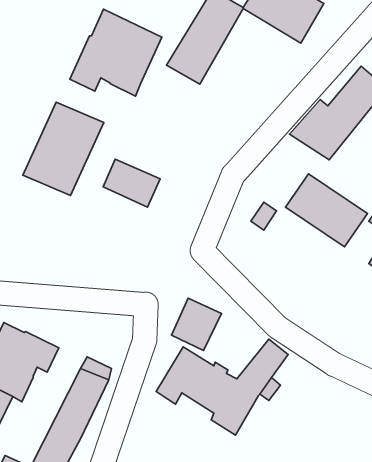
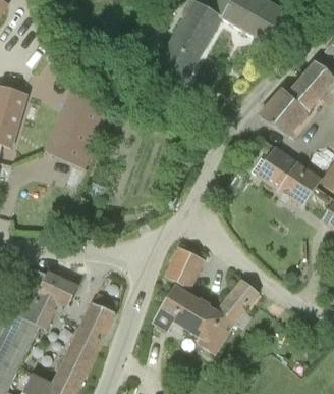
building: [70,9,162,96] -> none
building: [103,159,160,207] -> none

